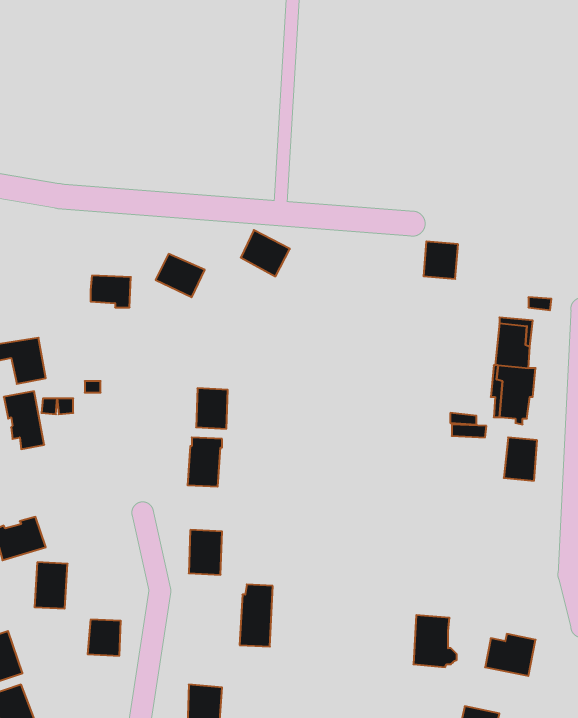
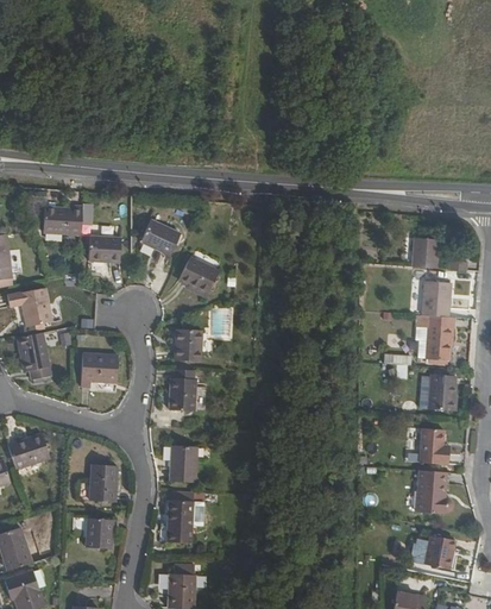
building: [241,230,290,276] -> [181,255,221,293]
building: none -> [44,203,82,234]
building: [423,241,458,279] -> [410,232,439,263]
building: none -> [82,354,118,388]
building: none -> [420,423,449,460]
building: [34,562,68,609] -> [90,465,118,503]
building: [240,584,273,647] -> [165,491,193,542]
building: [413,615,457,667] -> [415,466,451,509]

